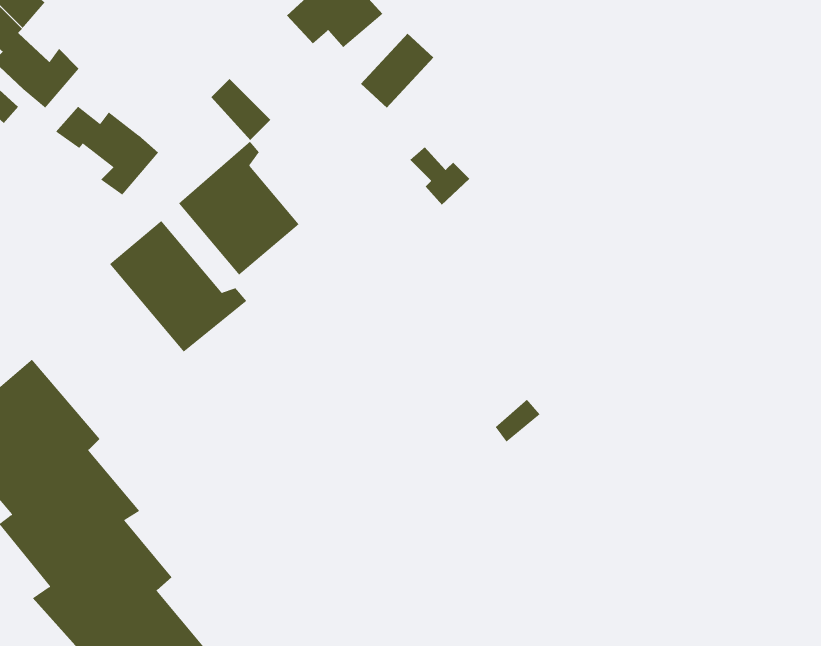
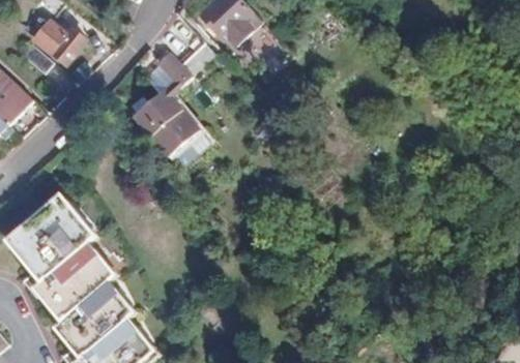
building: [55,106,159,195] -> none
building: [109,220,247,353] -> none

